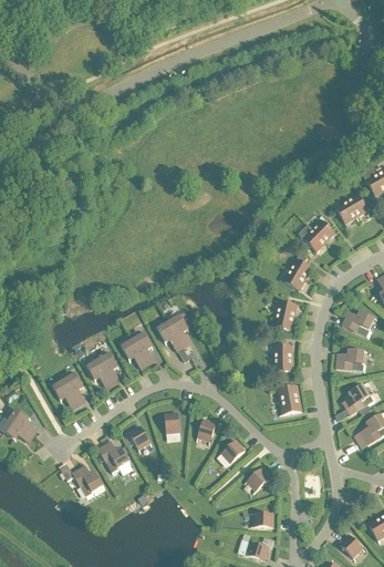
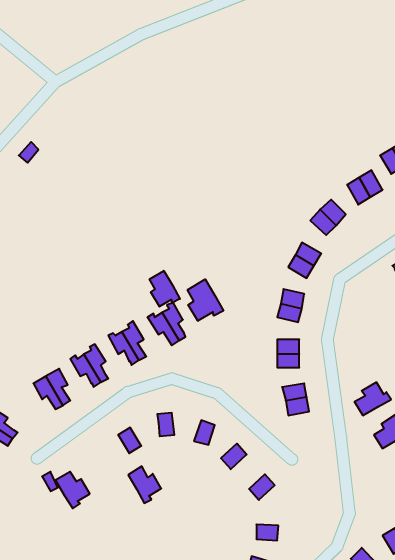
building: none -> [150,271,180,307]
building: none -> [188,279,223,321]
building: [342,311,374,337] -> none
building: [335,349,365,371] -> none
building: [98,441,128,474] -> [128,466,161,503]

